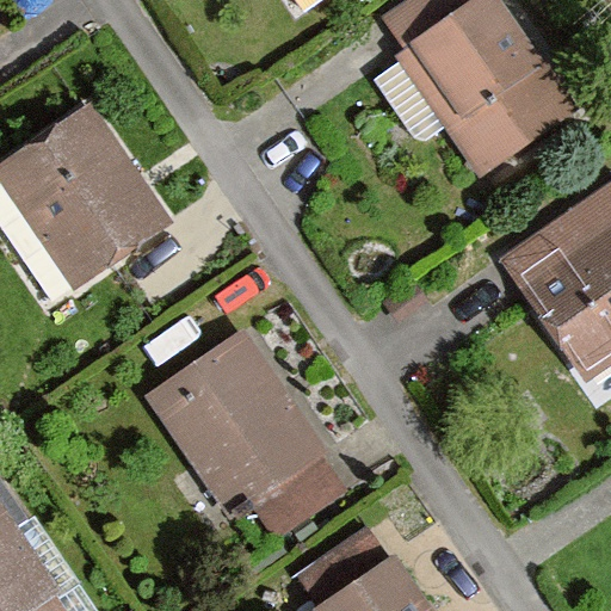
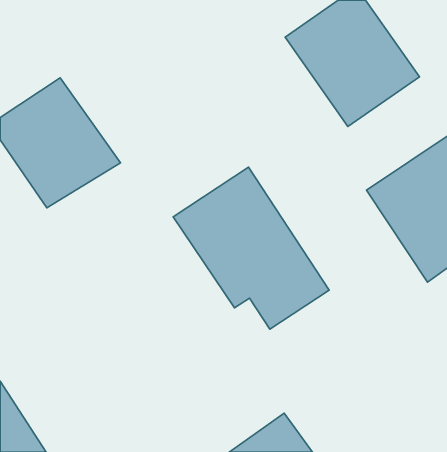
building: [143,328,353,547] -> [173,167,329,329]

